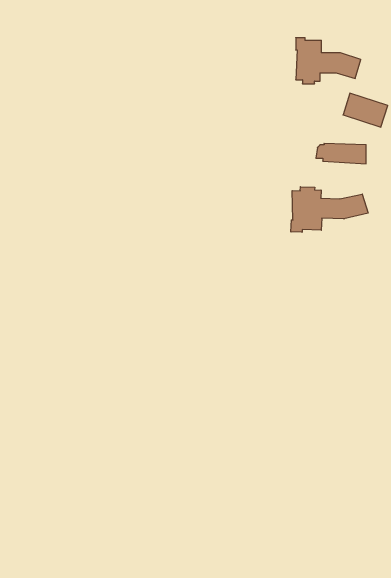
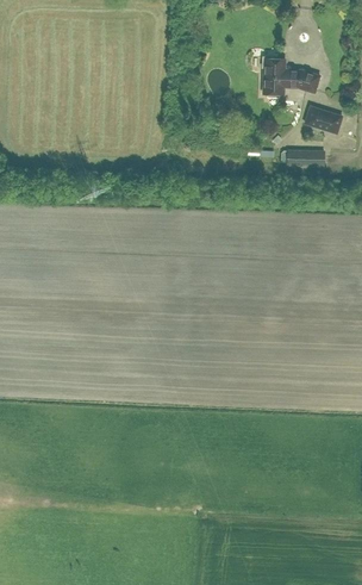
building: [291,187,368,232] -> none

